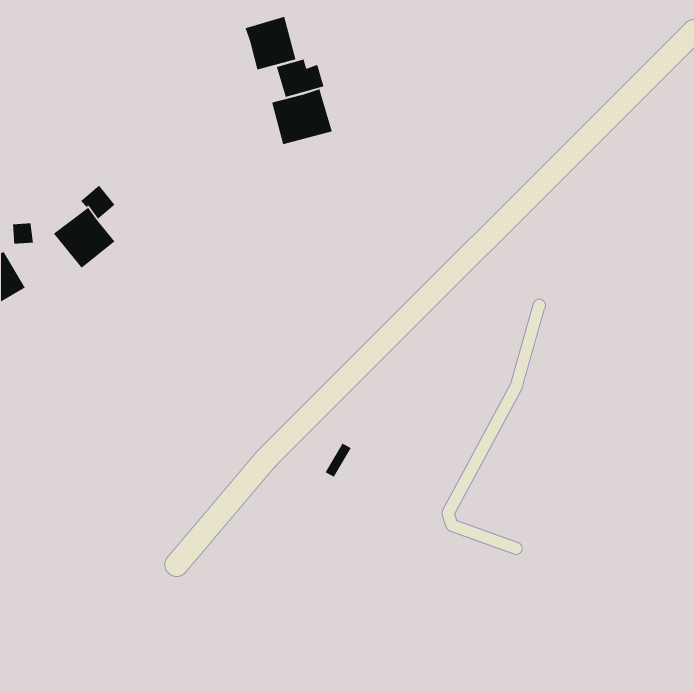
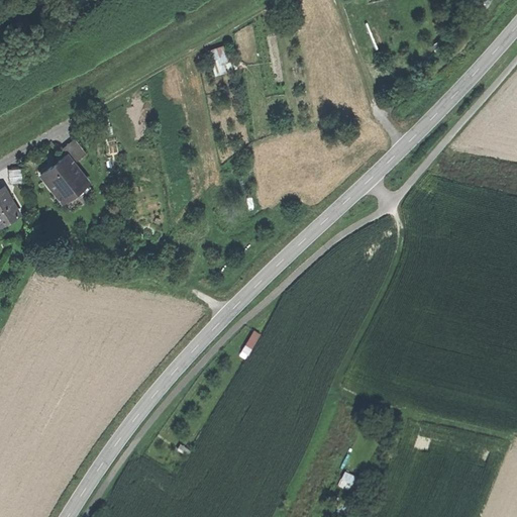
building: [245,16,296,70] -> none
building: [271,88,333,145] -> none

